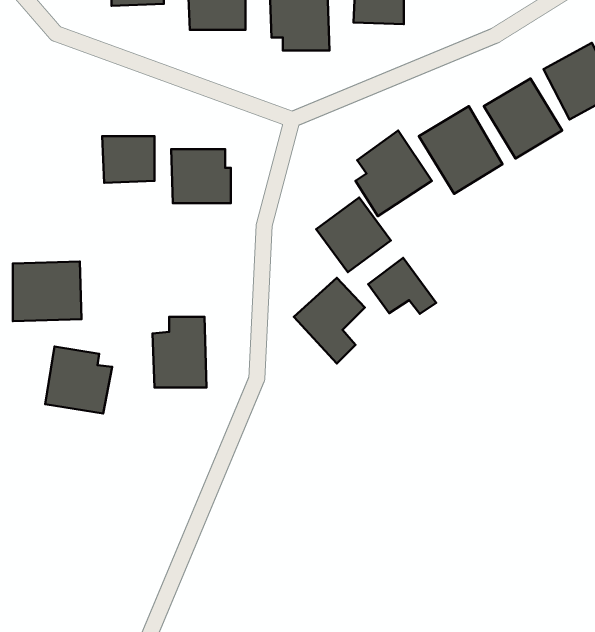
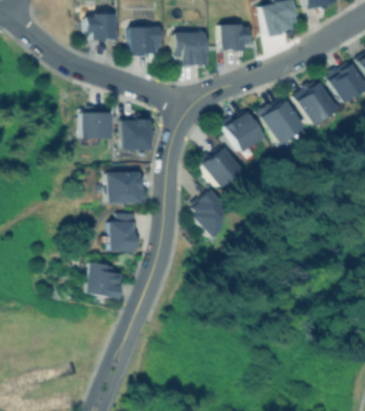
building: [368,258,436,314] -> none
building: [13,261,82,321] -> [107,172,145,205]
building: [45,346,112,414] -> [85,263,122,300]

